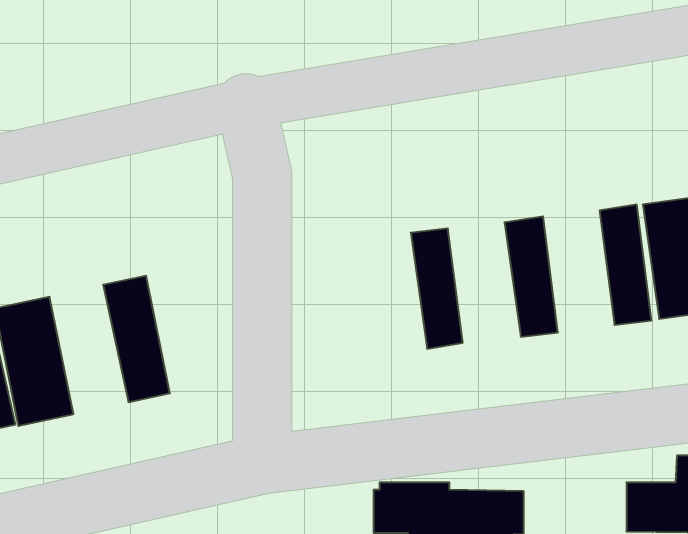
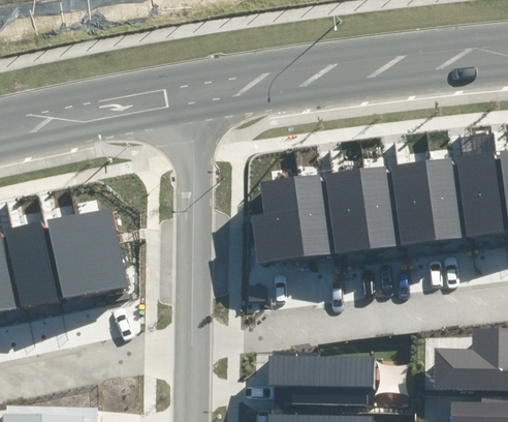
building: none -> [390,161,436,246]
building: none -> [324,170,371,254]
building: none -> [251,177,306,264]
building: none -> [47,213,98,302]

